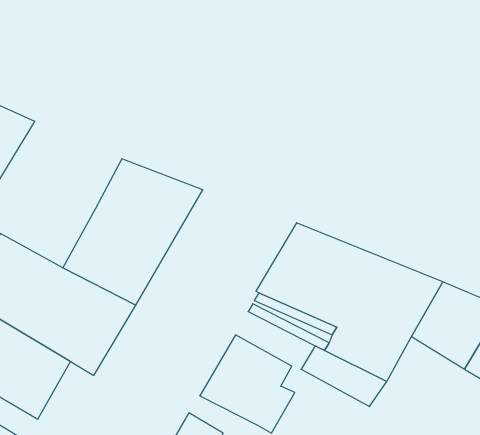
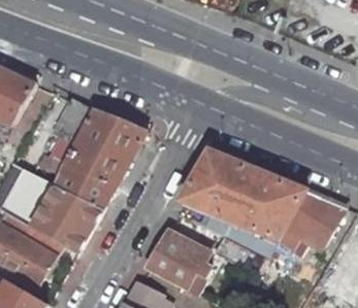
building: none -> [52,100,94,143]

